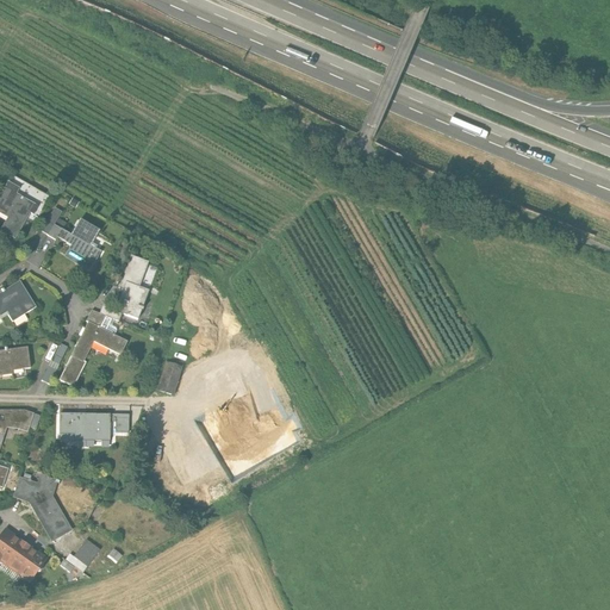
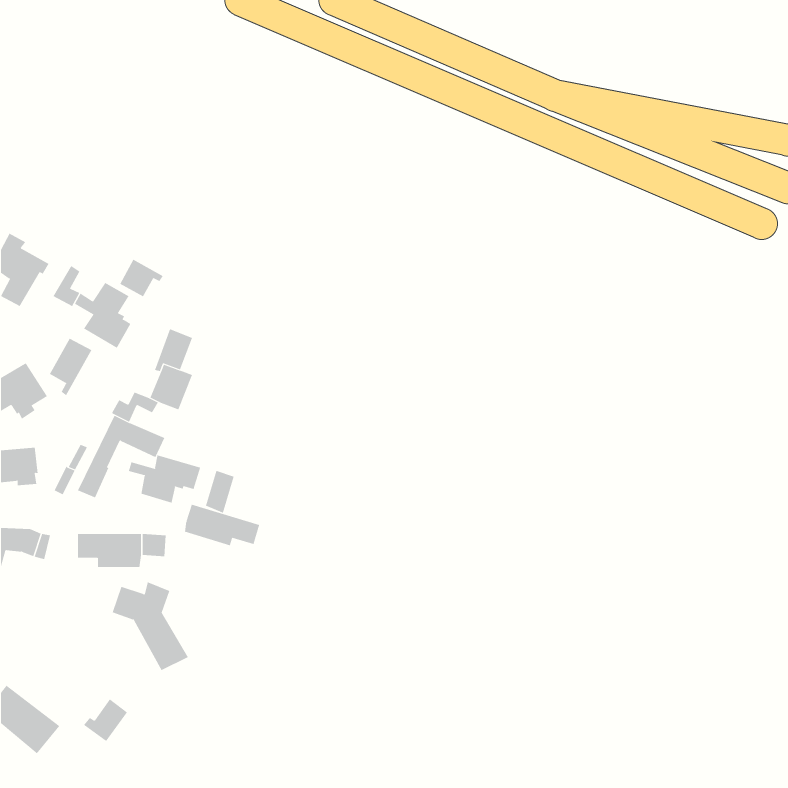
building: none -> [120,259,163,297]
building: none -> [49,338,92,396]
building: none -> [128,455,201,503]
building: none -> [185,504,260,546]
building: [12,473,71,542] -> [112,582,189,671]

